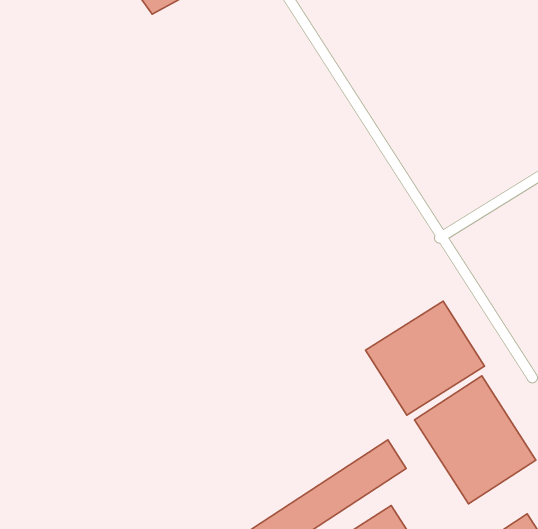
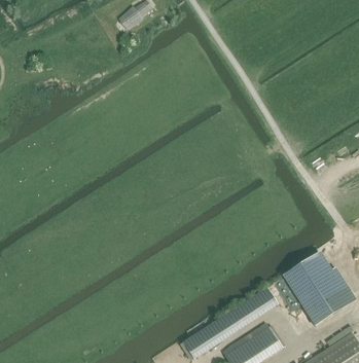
building: [365,301,485,415] -> none

